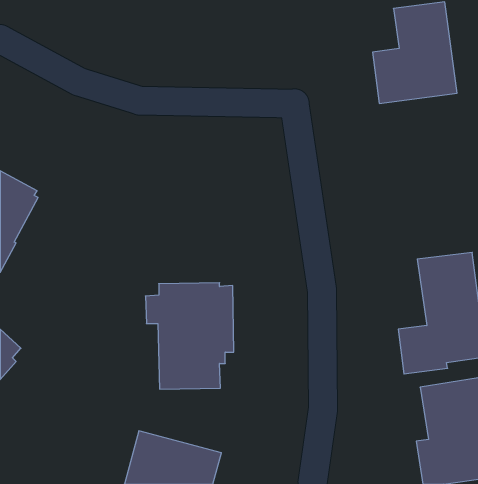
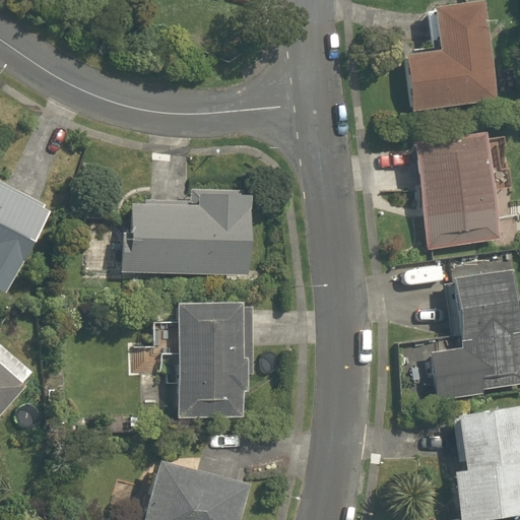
building: none -> [413,133,501,251]
building: none -> [122,187,252,276]

